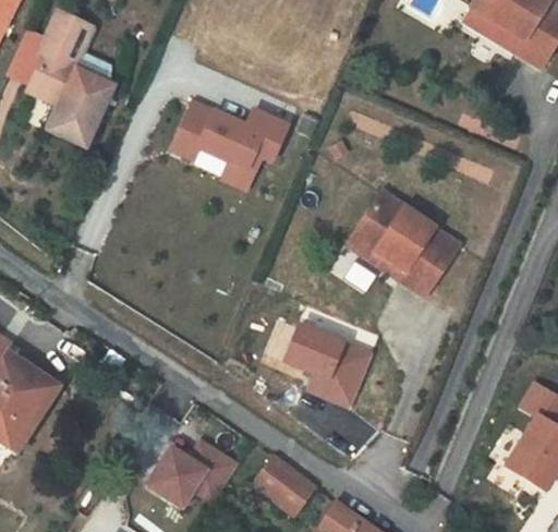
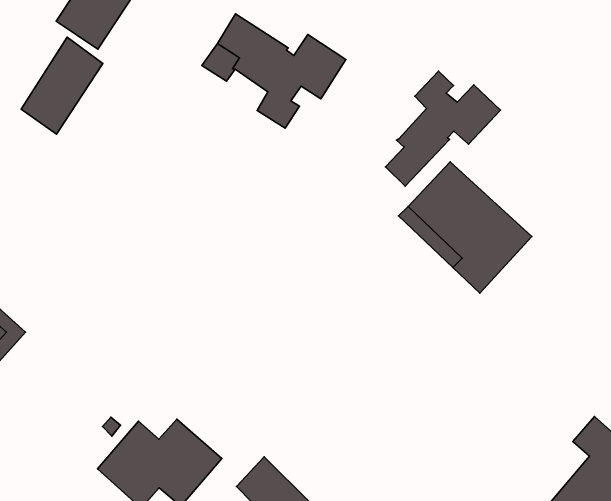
building: none -> [386,71,500,186]
building: none -> [21,37,103,134]
building: [276,322,373,410] -> none

